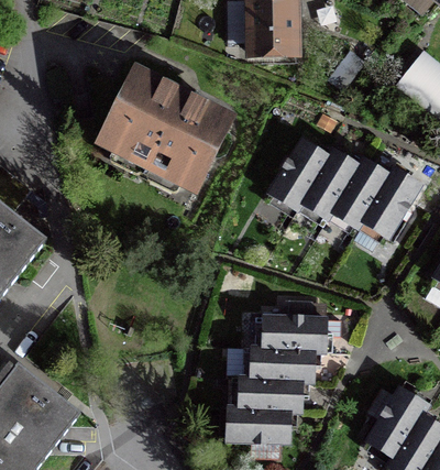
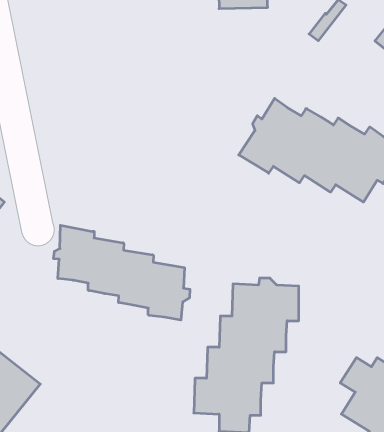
building: [106,73,227,182] -> none
building: none -> [54,225,190,320]

